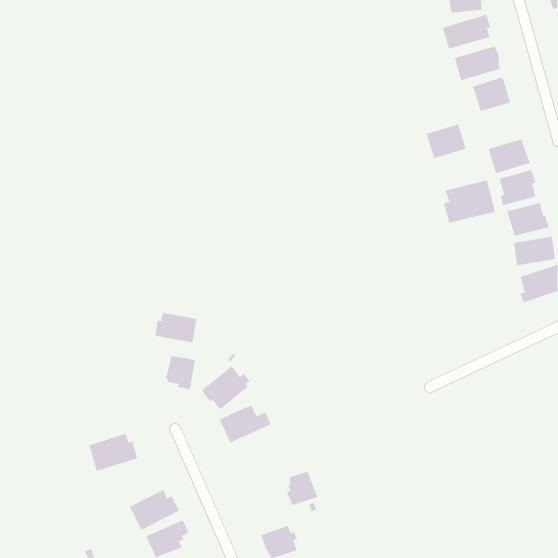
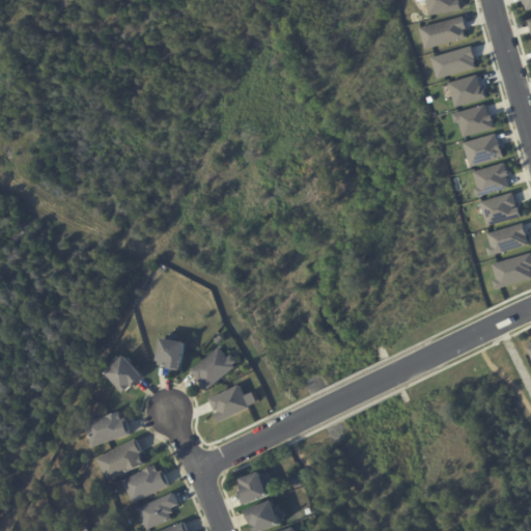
building: [426,124,466,159] -> [454,103,493,136]
building: [444,179,496,224] -> none
building: [155,312,197,343] -> none
building: none -> [106,355,144,392]
building: none -> [96,439,145,481]
building: [286,471,318,506] -> [240,468,270,501]

